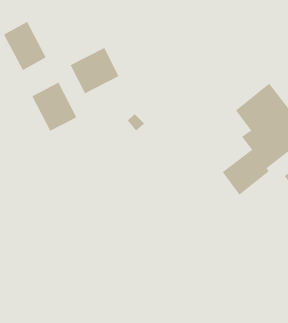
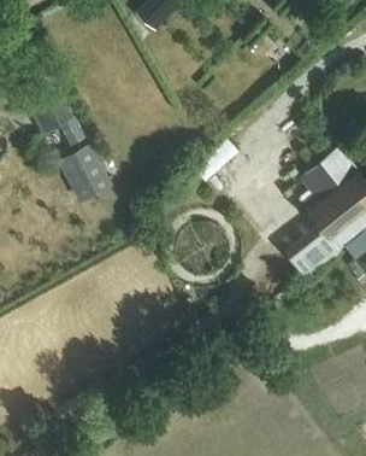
building: [70,47,119,94] -> none

